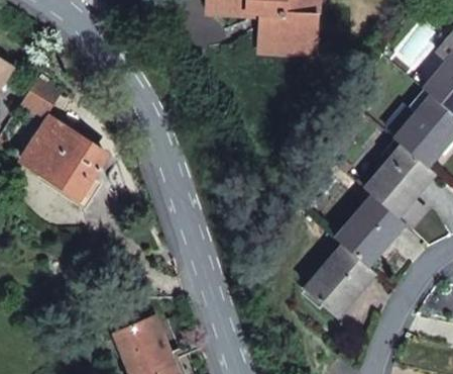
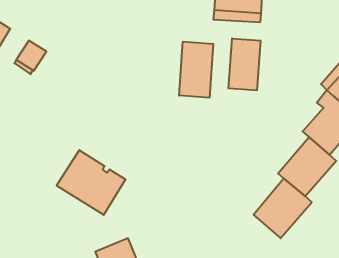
building: none -> [229,38,261,90]
building: none -> [179,42,213,98]
building: [23,118,106,196] -> [57,150,126,215]

